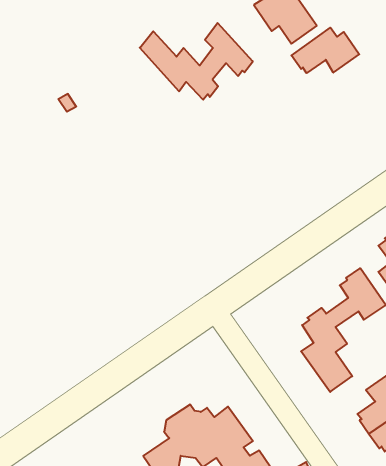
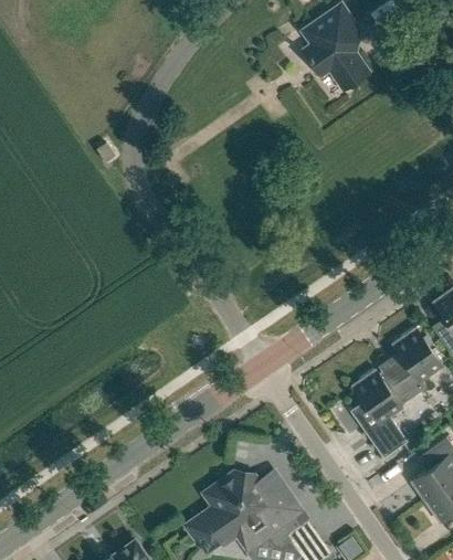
building: [140,23,253,100] -> none
building: [291,28,359,73] -> none

